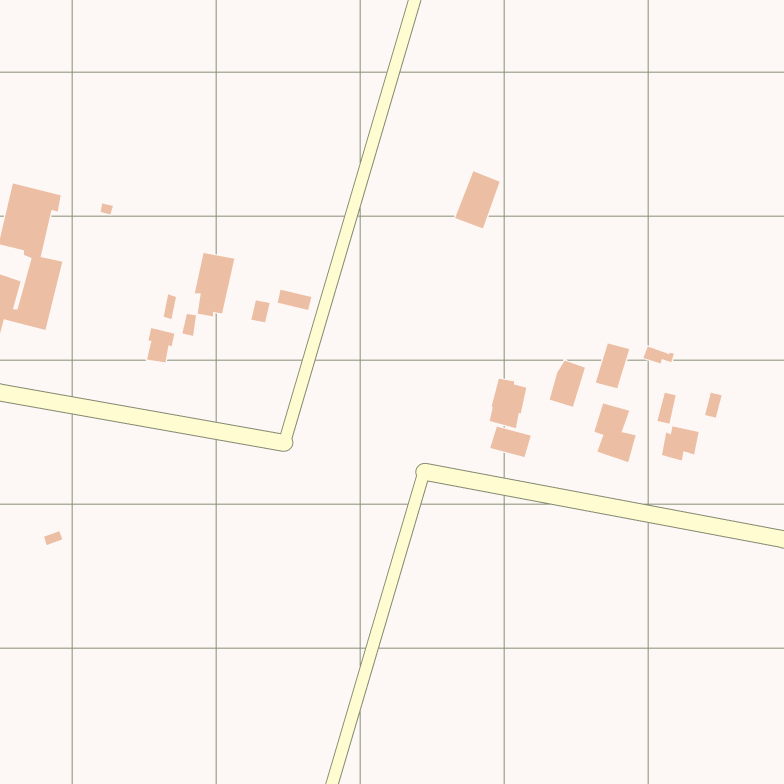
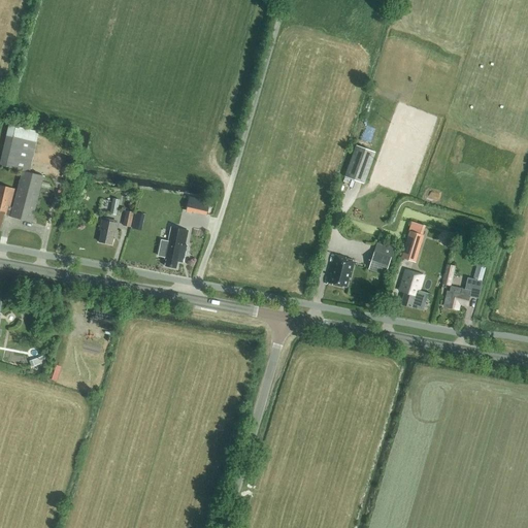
building: [454,171,500,229] -> [343,143,374,183]
building: [194,252,235,317] -> [162,226,190,269]
building: [490,426,531,458] -> none

